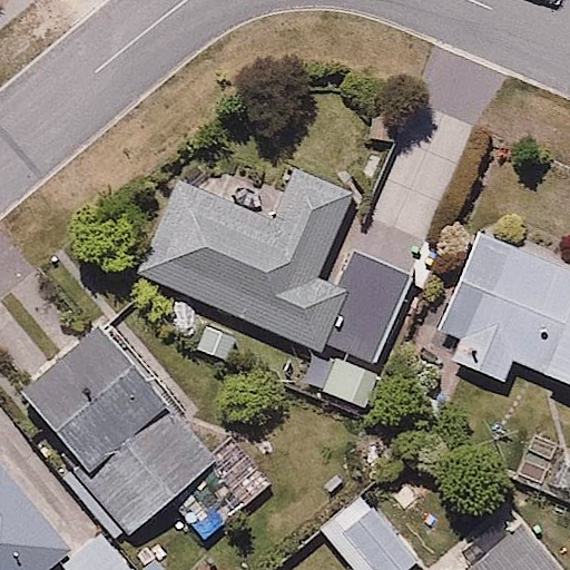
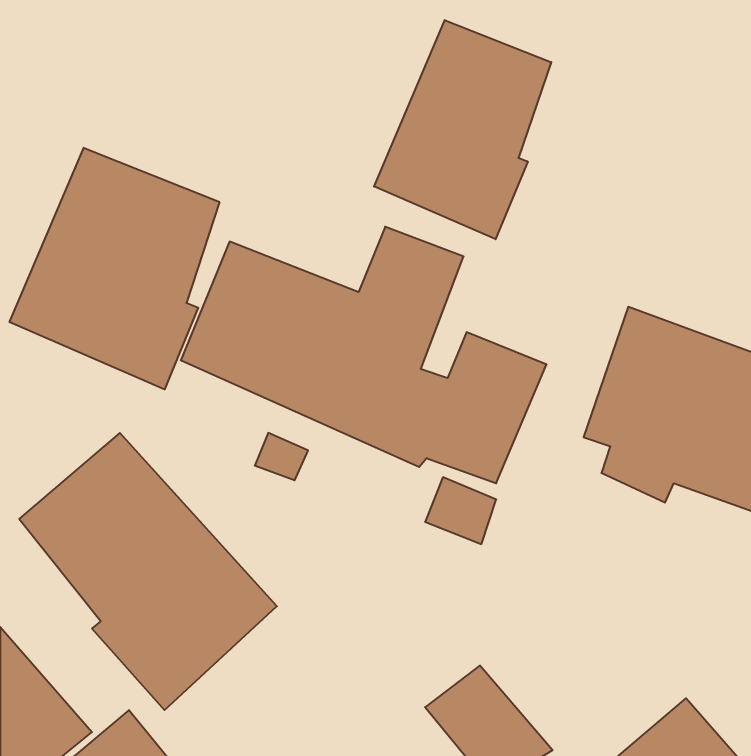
building: none -> [374,20,551,239]
building: none -> [10,148,219,389]

